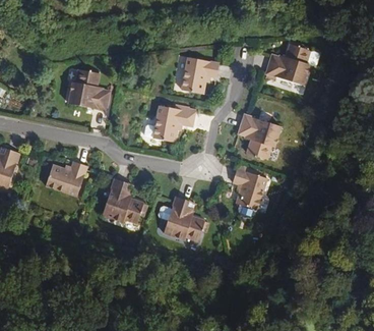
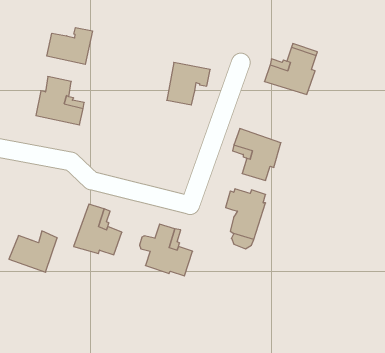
building: none -> [47,28,92,64]
building: [143,105,192,143] -> none
building: [45,161,86,197] -> [9,231,57,272]

